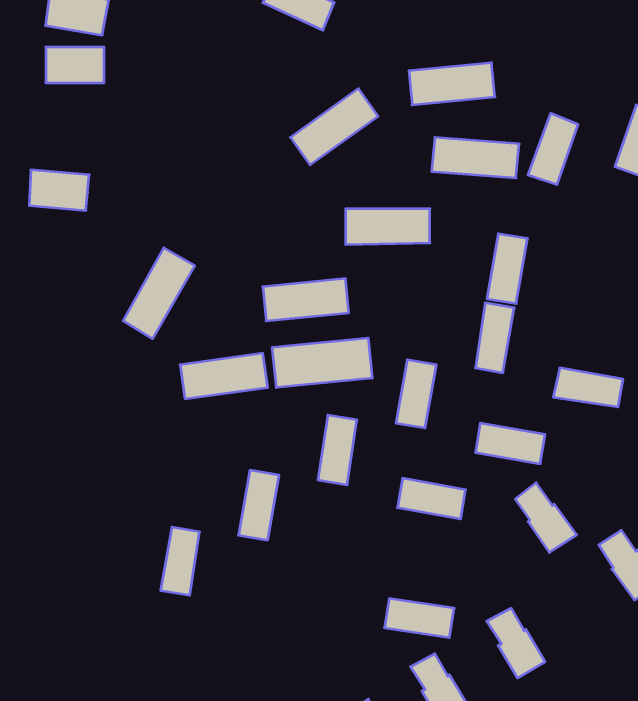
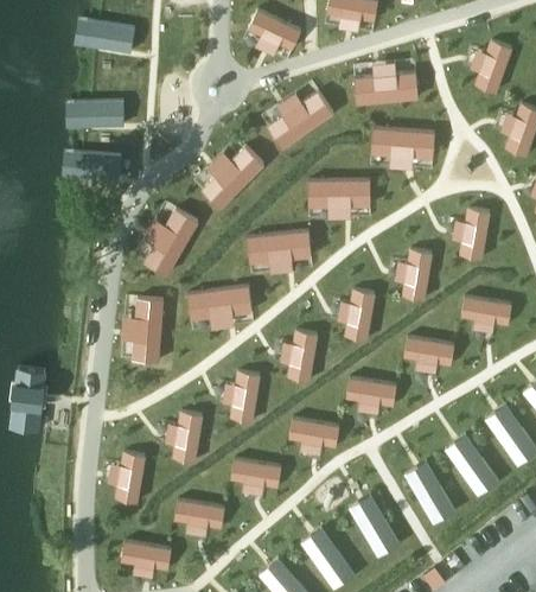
building: [46,47,104,83] -> [81,100,123,126]
building: [528,113,578,185] -> [474,39,511,91]
building: none -> [203,146,263,208]
building: [487,234,528,304] -> [460,208,490,259]
building: [272,338,372,388] -> none
building: none -> [133,298,164,361]
building: [515,483,577,553] -> [453,443,498,494]
building: none -> [115,452,145,503]
building: none -> [231,458,281,488]
building: [384,599,454,638] -> [288,418,339,446]
building: none -> [173,498,224,528]

